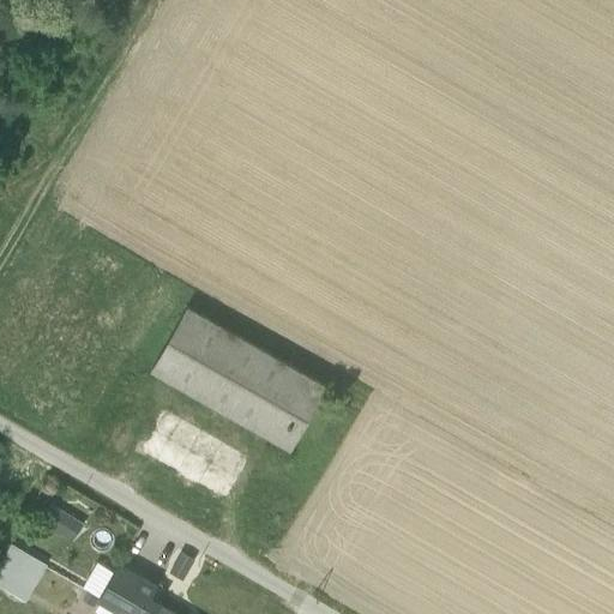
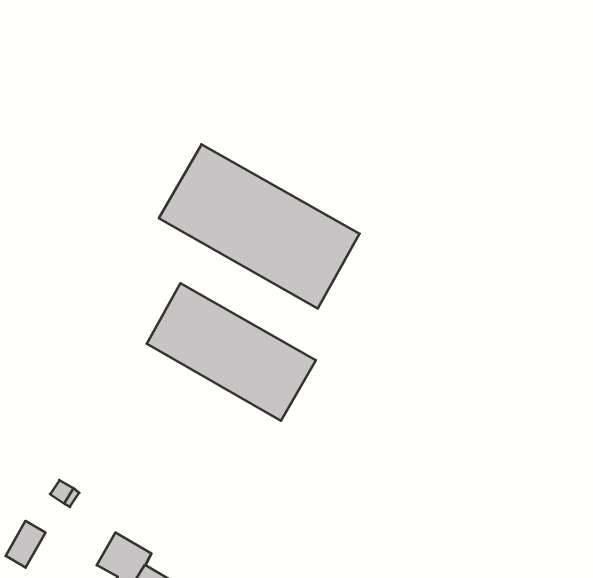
building: none -> [159,144,360,308]

